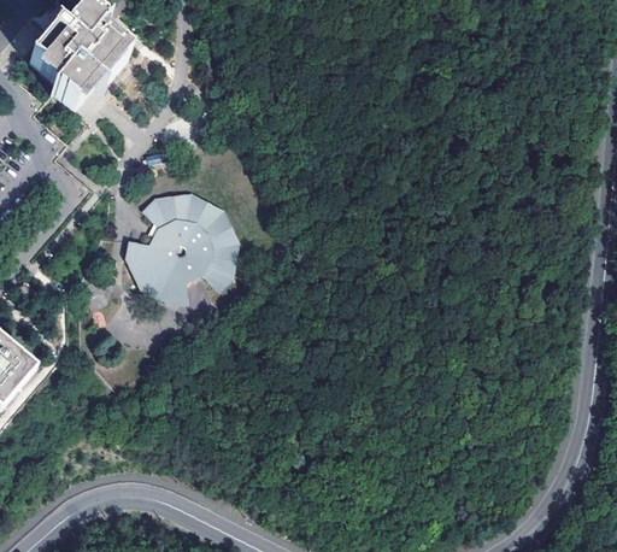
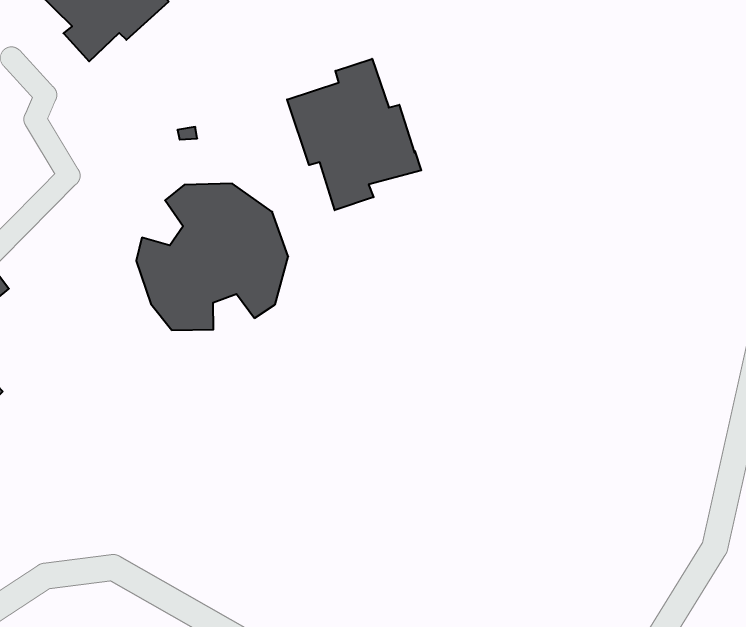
building: none -> [287,59,421,210]

